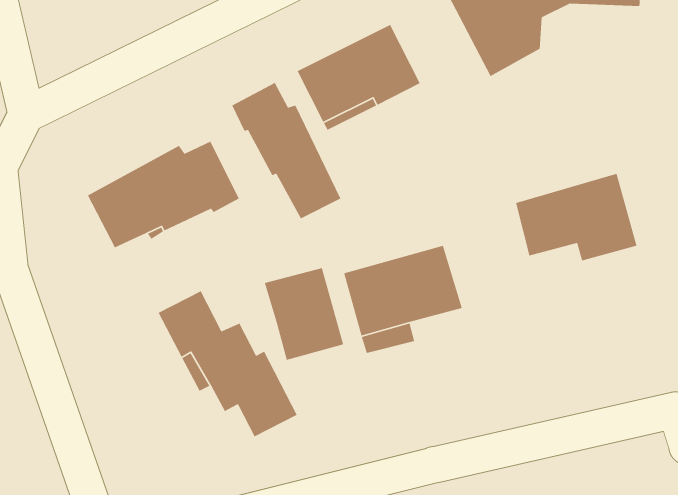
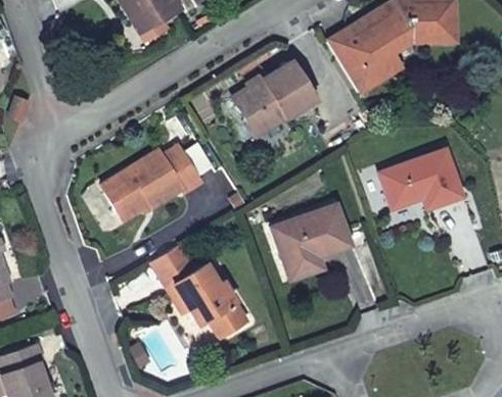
building: [231,82,342,220] -> none
building: [264,267,344,361] -> none

